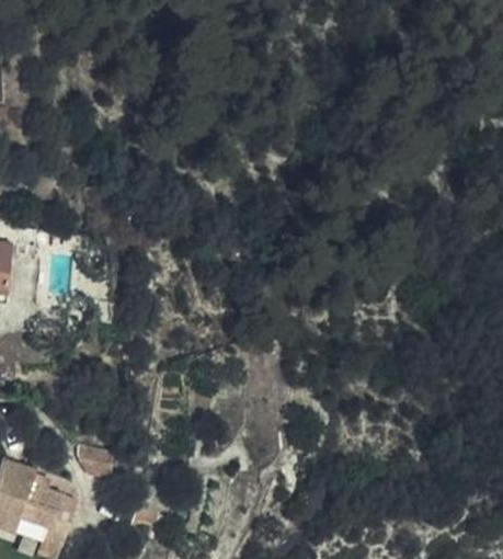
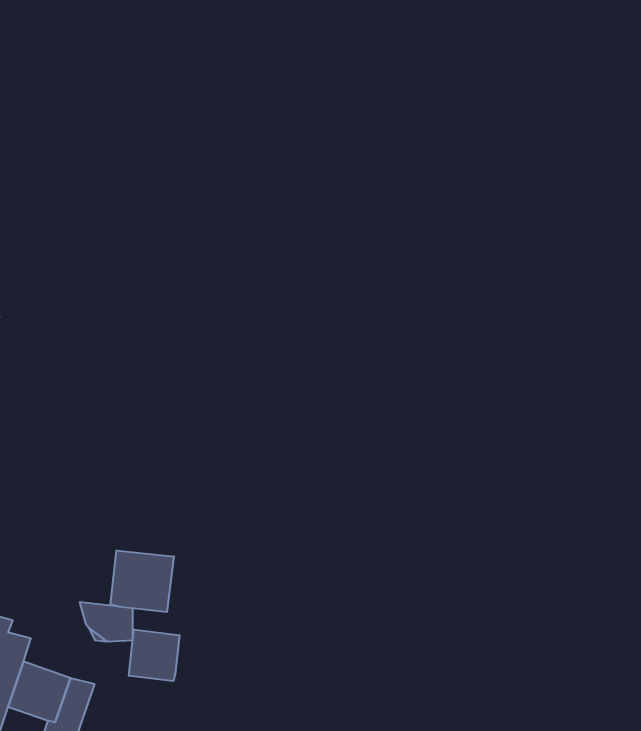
building: none -> [110,550,174,612]
building: none -> [129,629,179,681]

